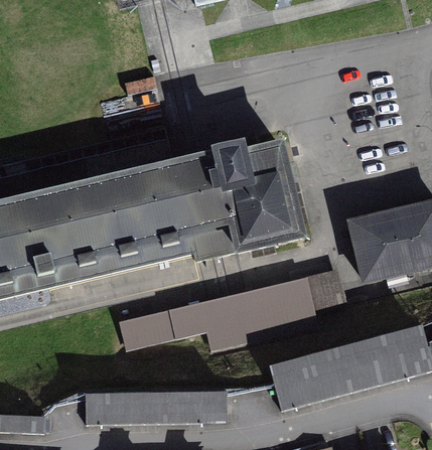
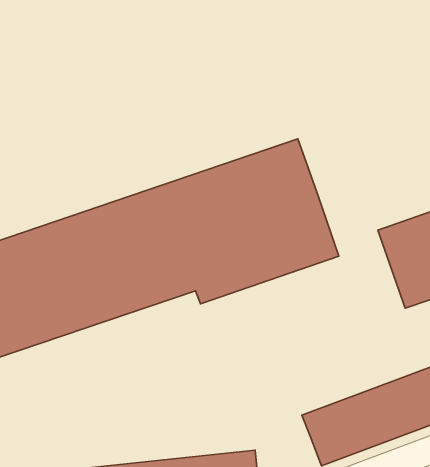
building: [111,271,337,350] -> none

